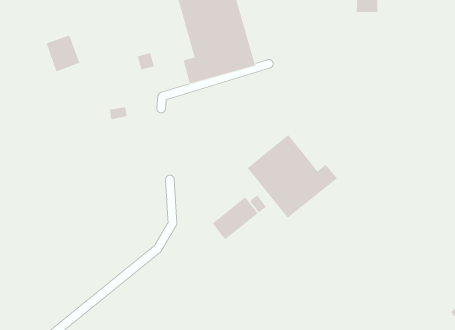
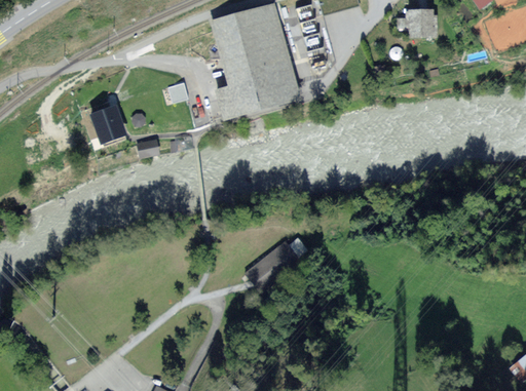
building: [46,35,80,72] -> [85,106,123,147]
building: [247,134,338,218] -> none

